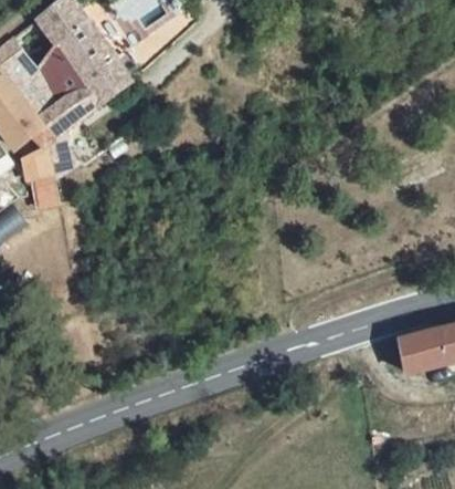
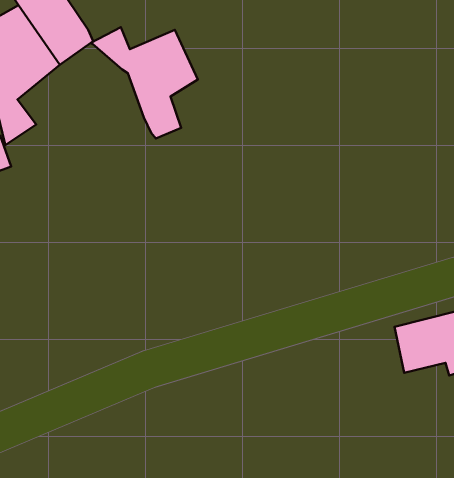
building: none -> [91,27,198,138]

